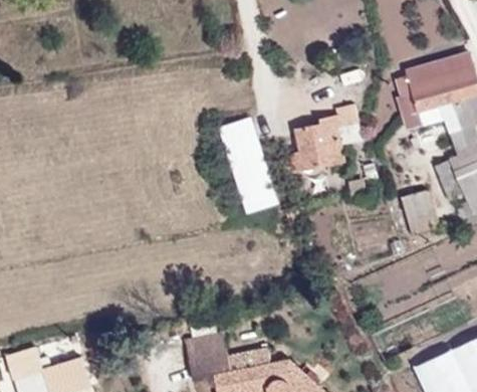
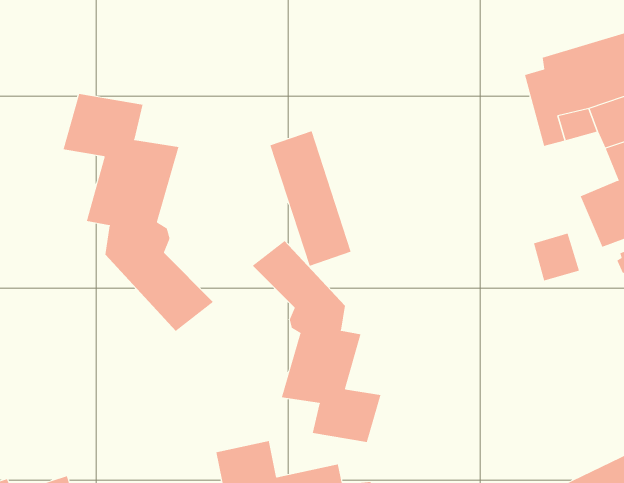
building: none -> [63,93,214,332]
building: [292,105,364,170] -> none
building: none -> [252,240,381,443]

